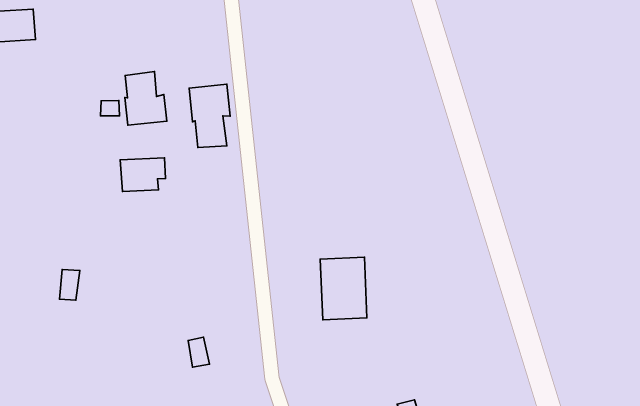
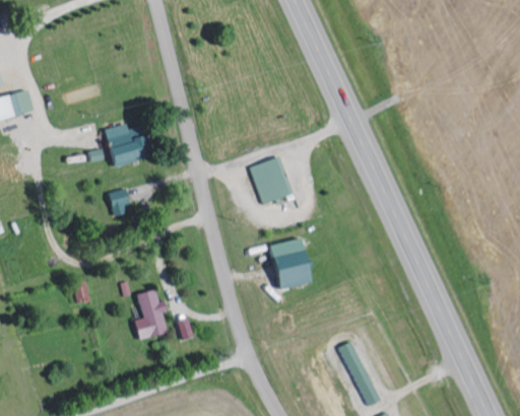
building: [189,84,230,148] -> none
building: none -> [251,155,295,204]
building: none -> [134,288,168,338]

